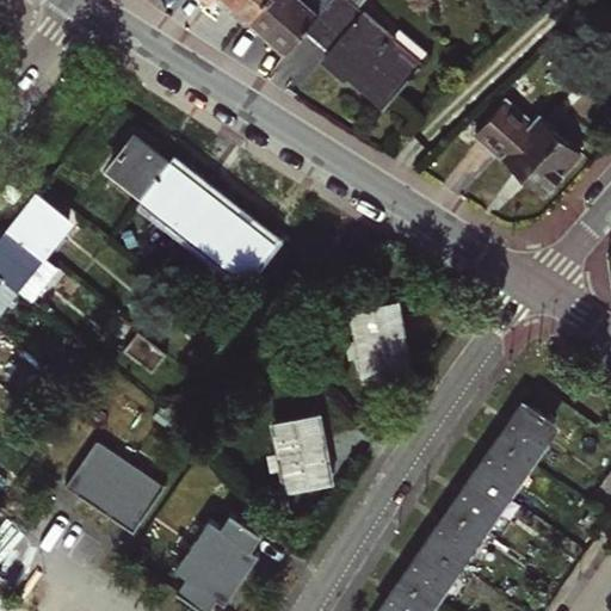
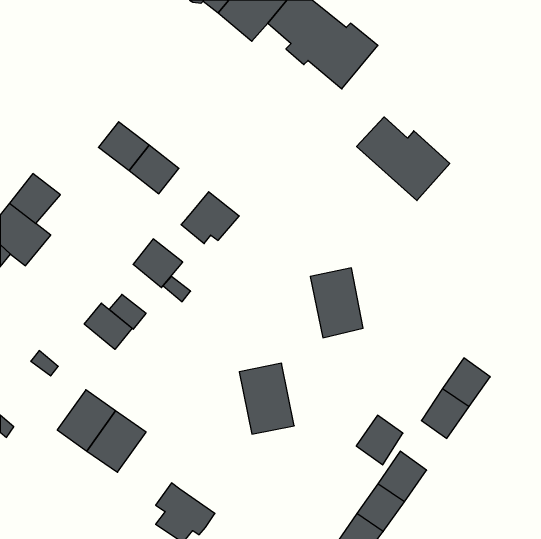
building: [475,99,580,193] -> [357,117,450,201]
building: [179,192,235,247] -> [133,239,183,288]
building: none -> [84,303,132,349]
building: [451,476,504,532] -> [356,415,403,465]
building: [193,514,263,581] -> none

